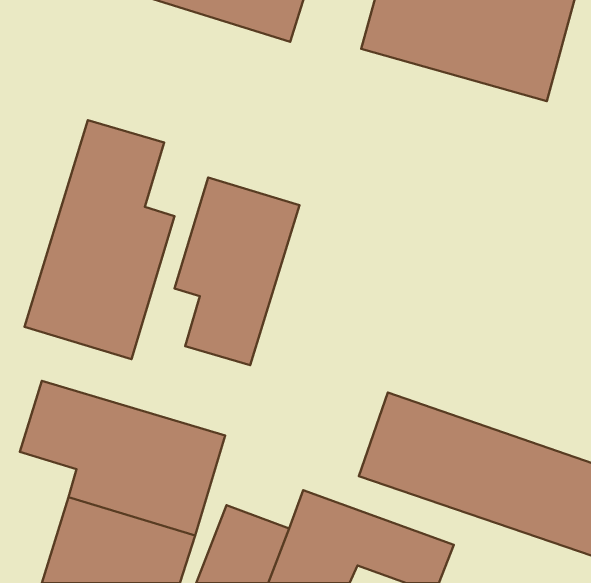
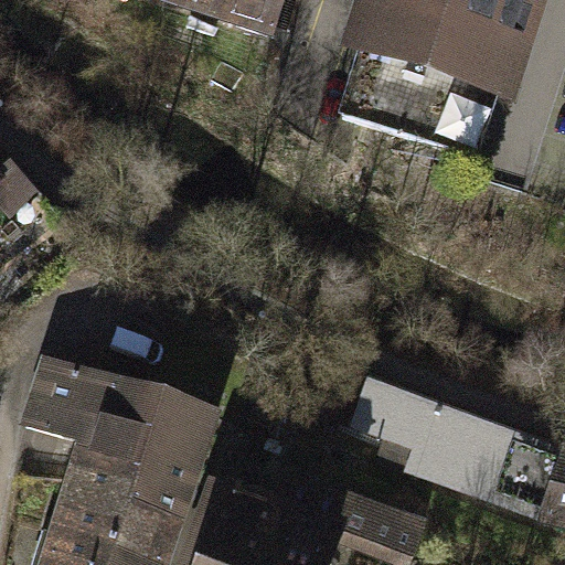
building: [24,120,174,359] -> none
building: [175,178,299,365] -> none

